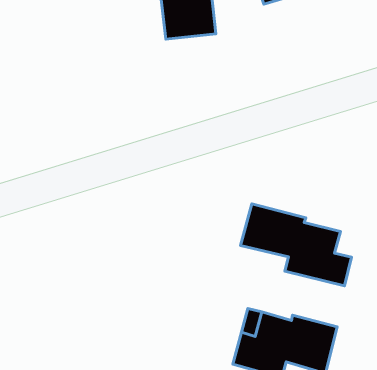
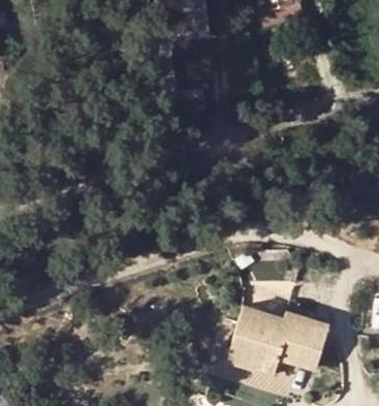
building: [240,204,352,286] -> none

